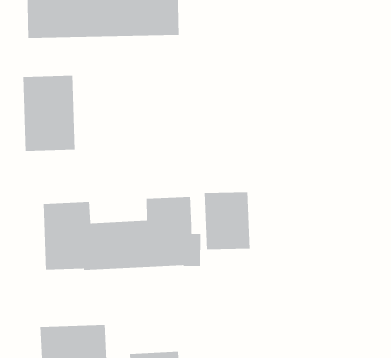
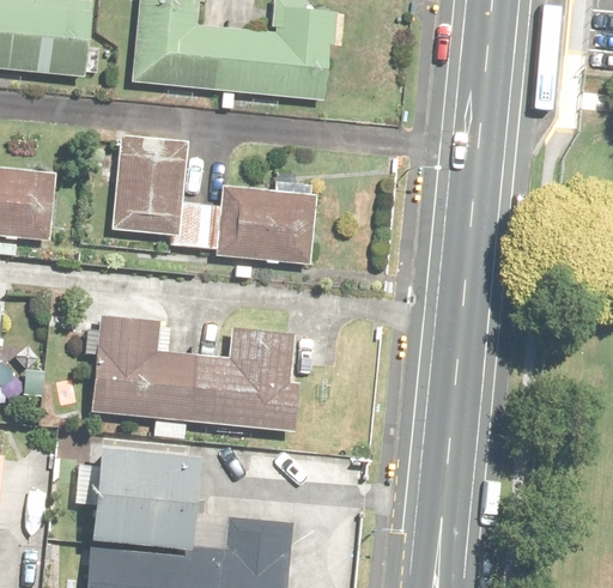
building: none -> [200,193,298,267]
building: [204,192,250,250] -> none

